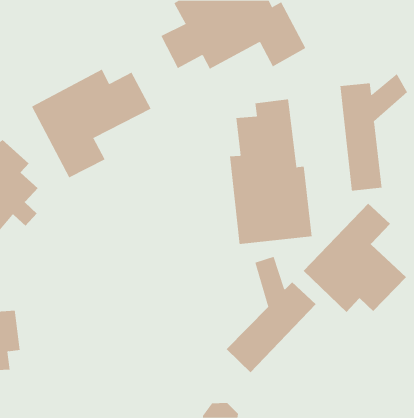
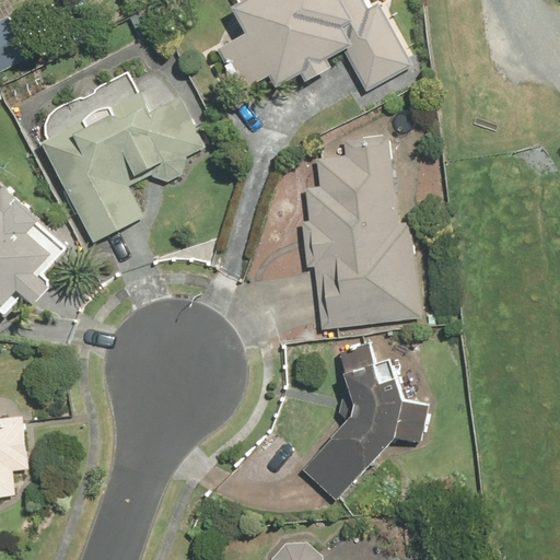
building: [340,73,408,192] -> none
building: [303,203,407,313] -> none

